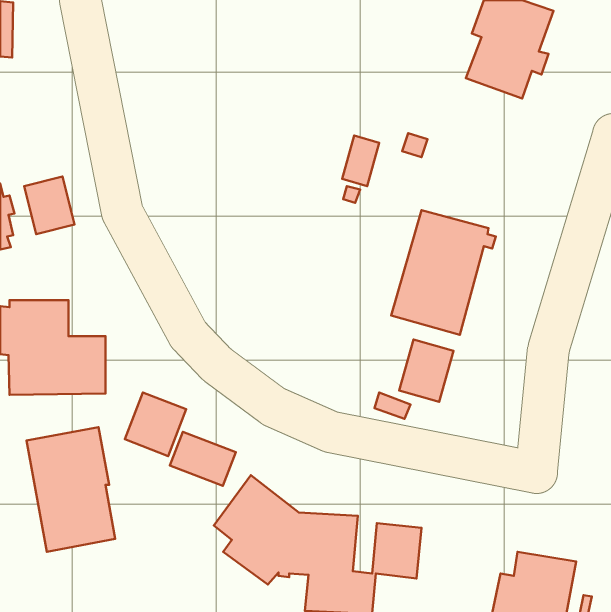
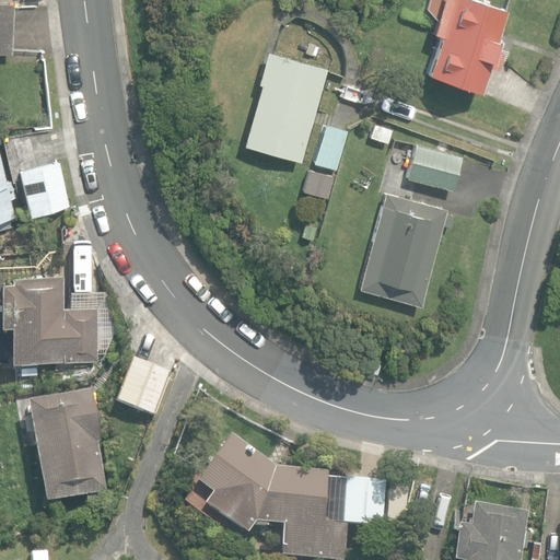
building: none -> [245,51,328,162]
building: none -> [405,144,458,189]
building: [399,340,454,402] -> none
building: [170,432,236,486] -> none

